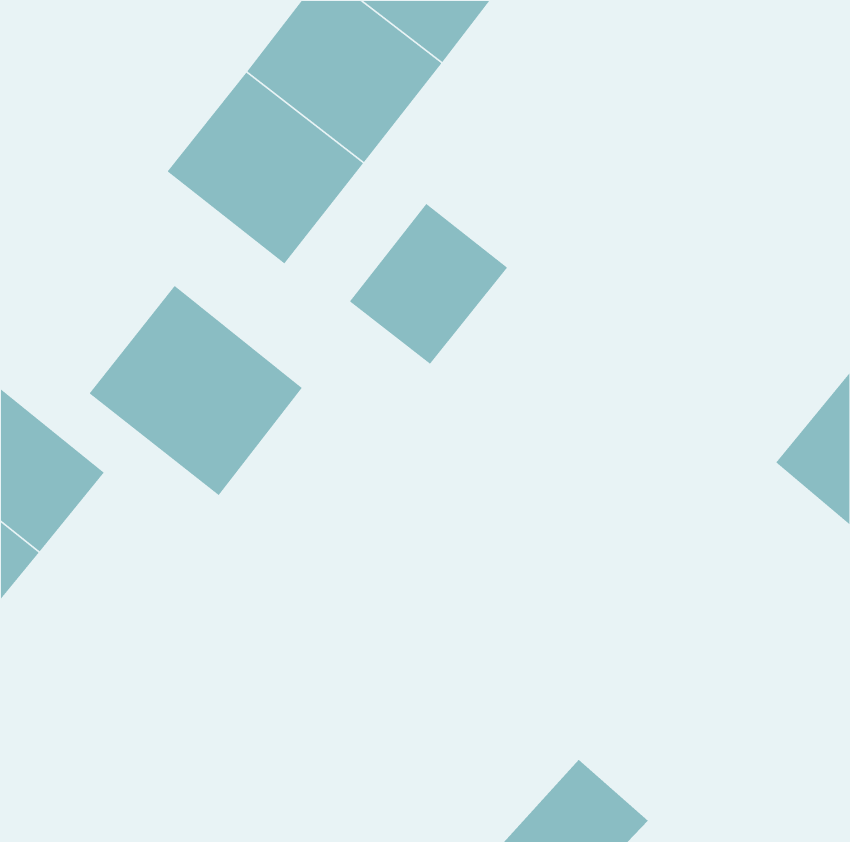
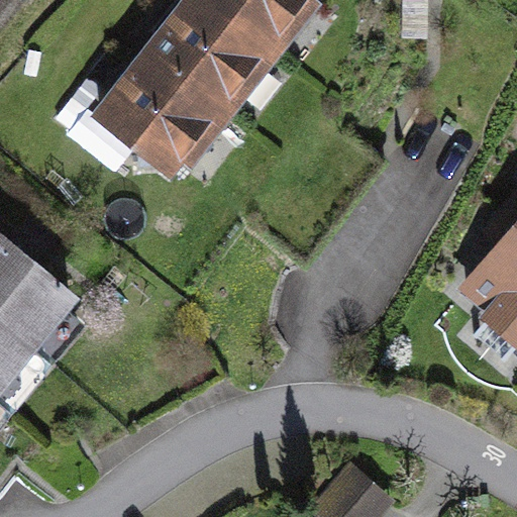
building: [349,203,508,365] -> none
building: [89,285,303,496] -> none

